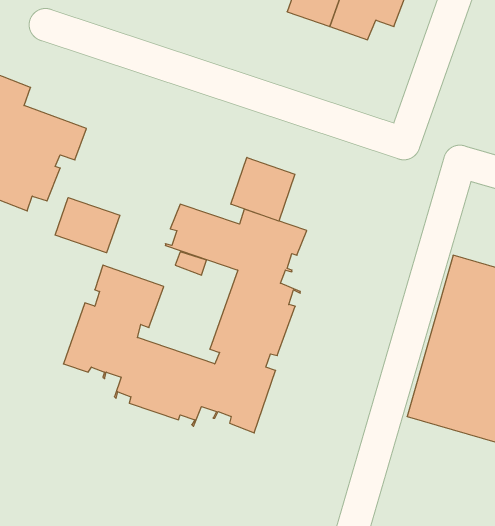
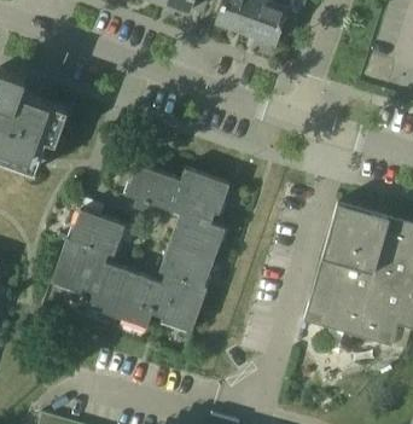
building: [231,157,295,221] -> none
building: [55,198,120,253] -> none

